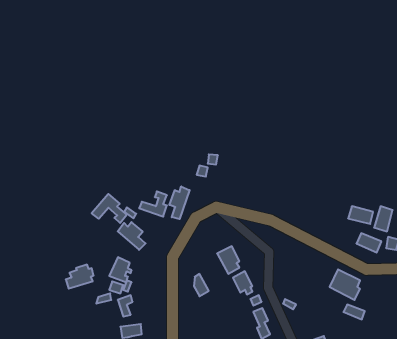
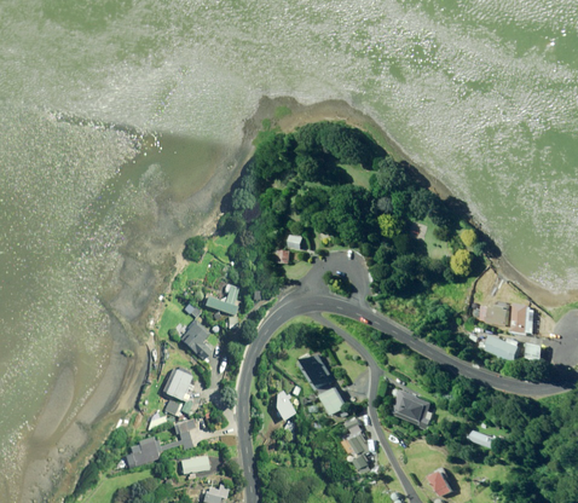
building: [169,186,190,219] -> none
building: [92,194,127,223] -> none
building: [66,265,94,289] -> [123,436,160,468]
building: [330,269,360,300] -> [392,389,432,429]

